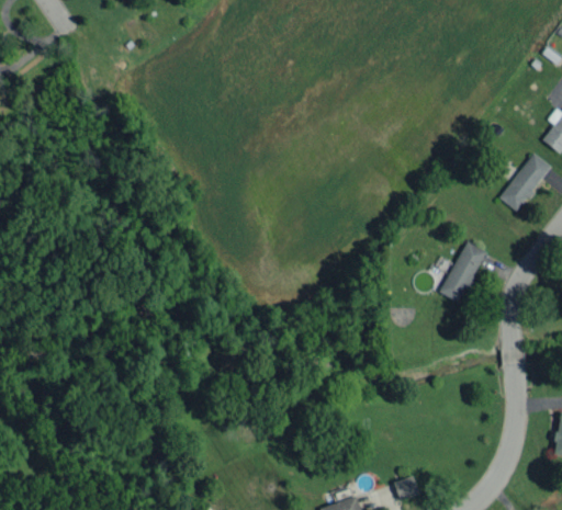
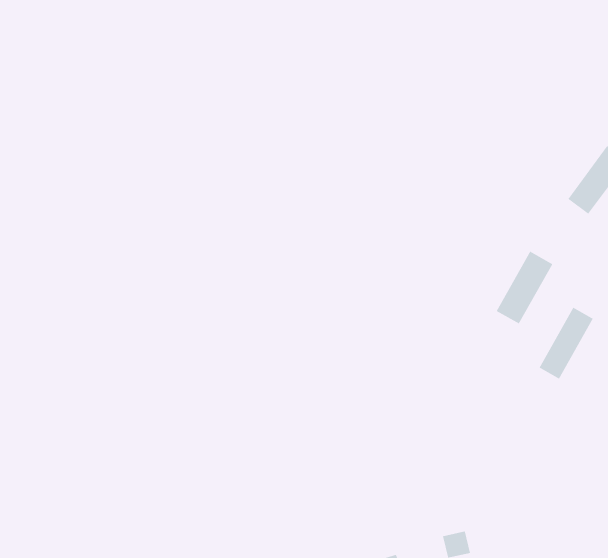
building: none -> [539,307,594,380]

